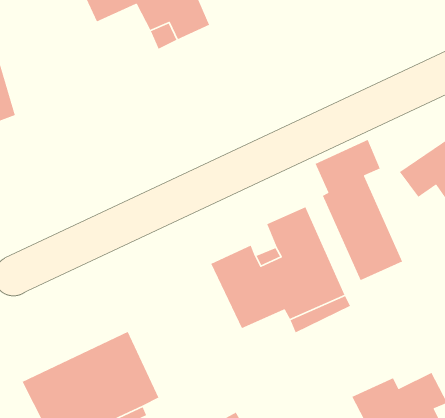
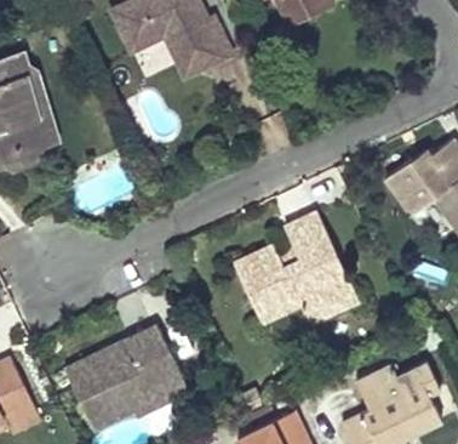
building: [314,139,403,281] -> none

